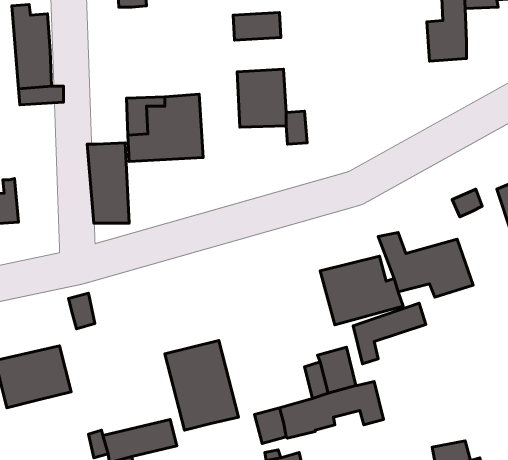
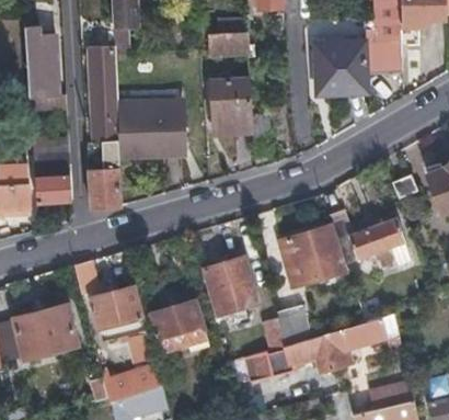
building: none -> [313,37,371,92]
building: none -> [90,43,118,139]
building: none -> [32,134,72,201]
building: none -> [204,258,257,314]
building: [353,303,426,364] -> [325,318,385,368]
building: none -> [89,291,141,341]

